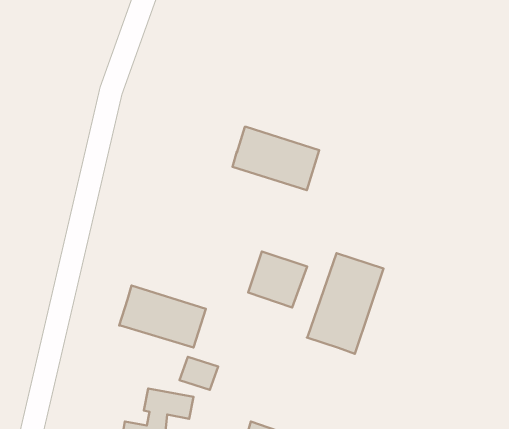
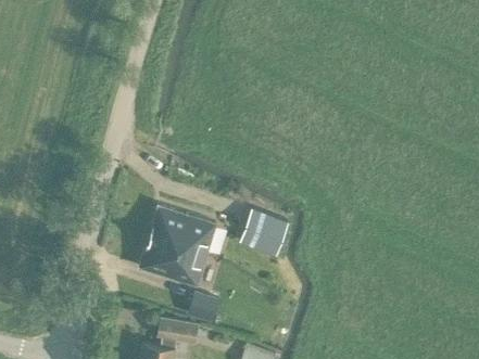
building: [233,127,319,190] -> [149,206,217,256]
building: [307,253,383,354] -> none

